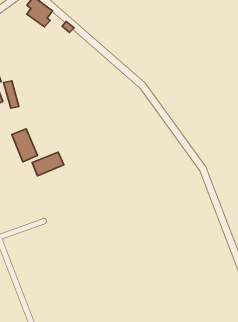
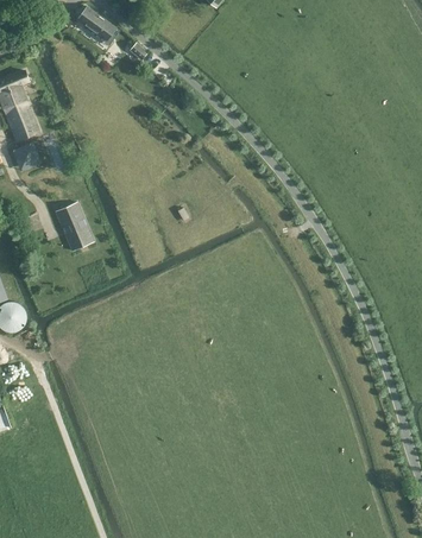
building: [32,152,64,176] -> none

